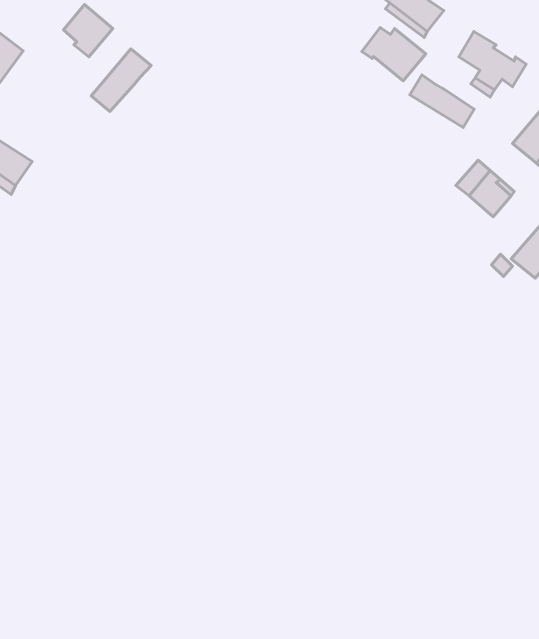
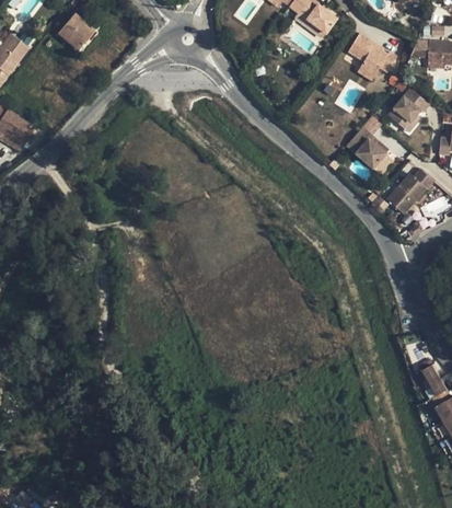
building: [362,28,426,81] -> none
building: [91,49,151,111] -> none
building: [410,75,474,128] -> none

